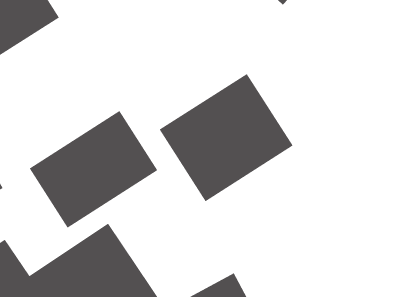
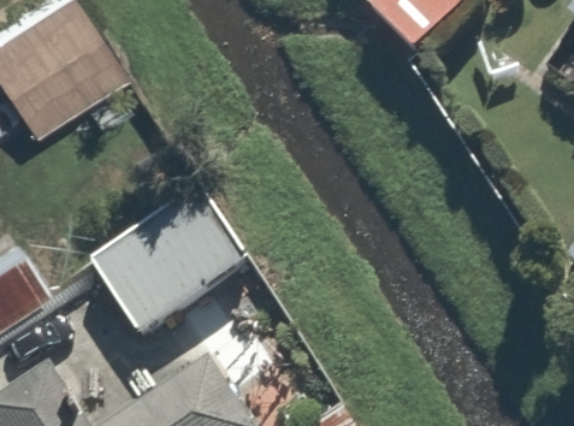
building: [159,73,293,202] -> none

